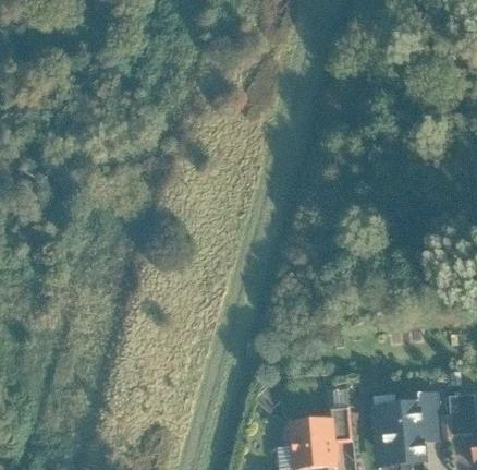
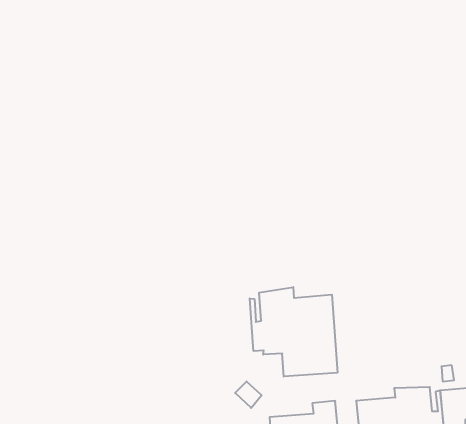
building: none -> [250,287,337,377]

